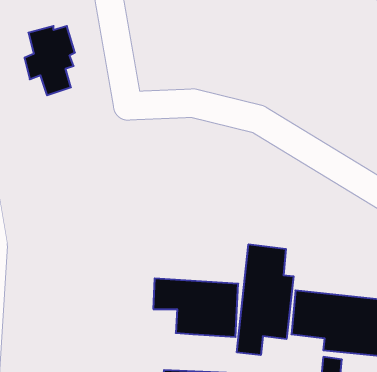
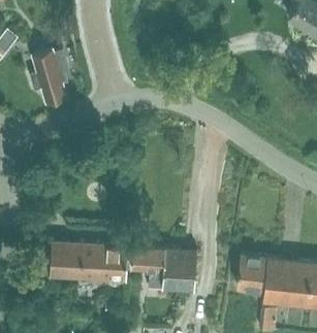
building: [237,244,294,355] -> none
building: none -> [49,241,126,281]

